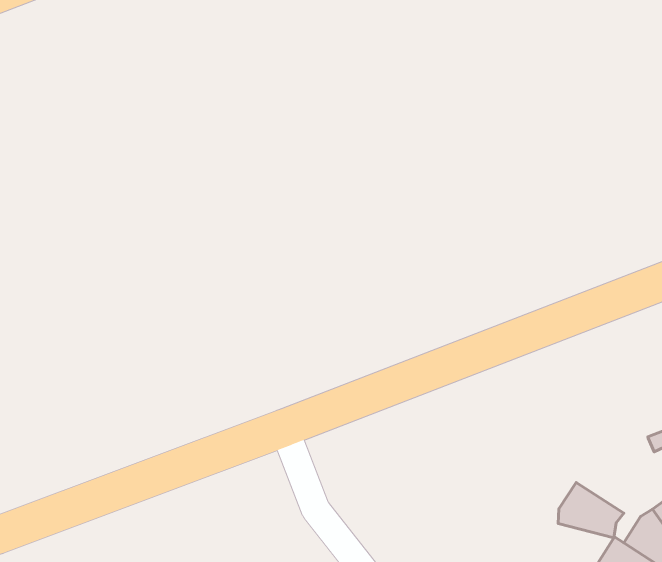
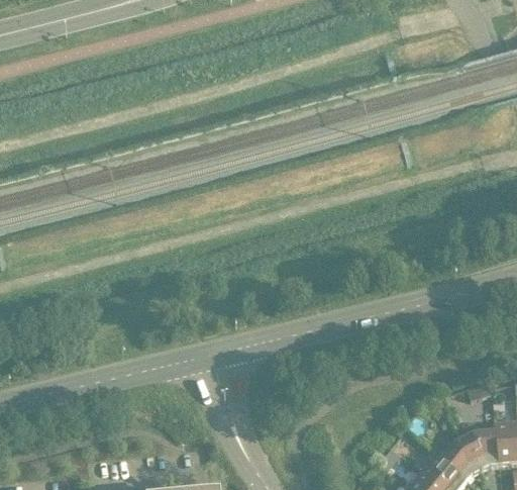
building: [558,482,624,538] -> none

